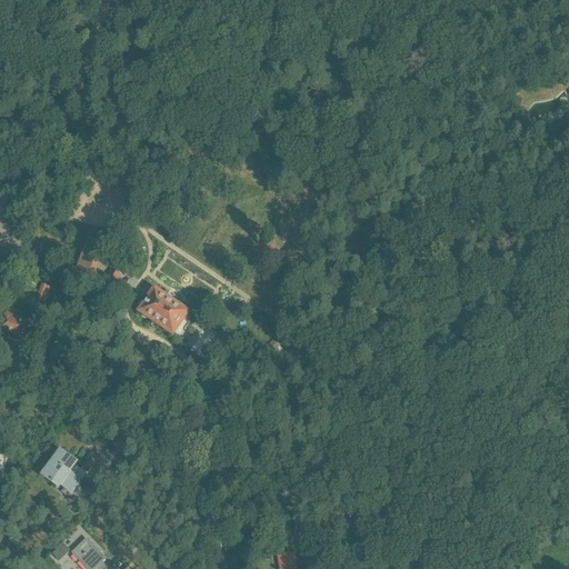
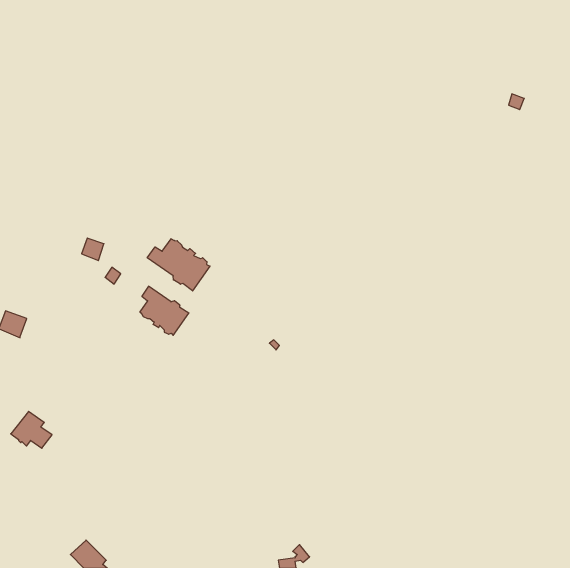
building: none -> [147,239,210,291]
building: [41,450,82,487] -> [11,411,52,448]

